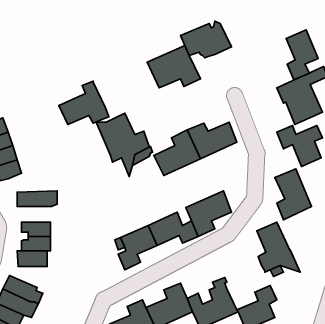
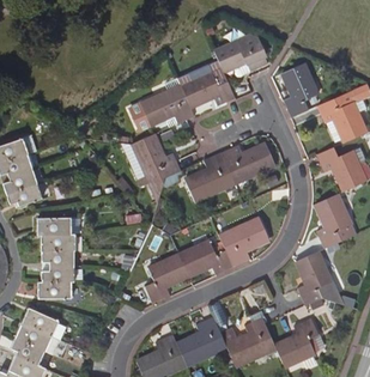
building: [286,30,318,80] -> [283,62,317,116]
building: [59,81,109,124] -> [140,77,194,123]
building: none -> [42,233,74,250]

